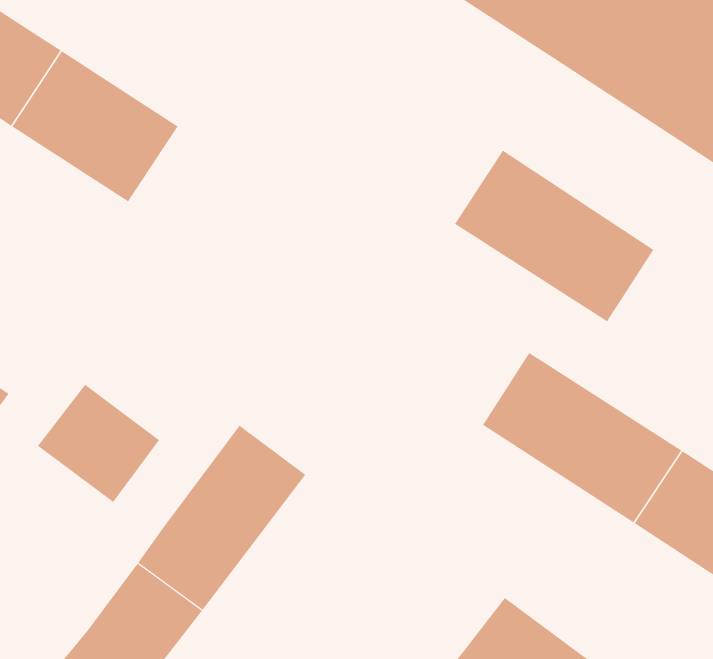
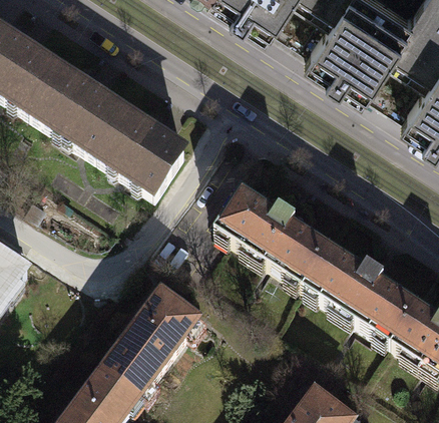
building: none -> [97,109,184,191]
building: [454,150,654,322] -> [213,182,330,283]
building: [37,384,160,503] -> none

